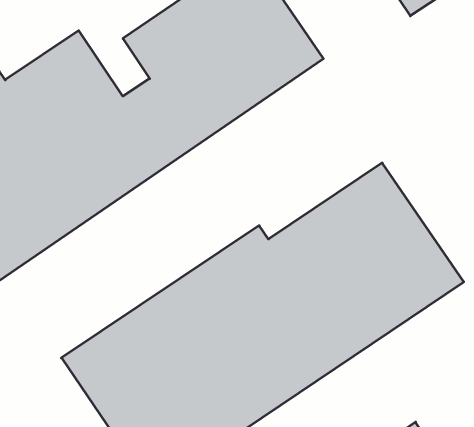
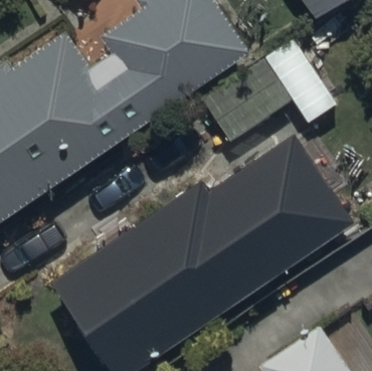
building: none -> [204,39,336,140]

